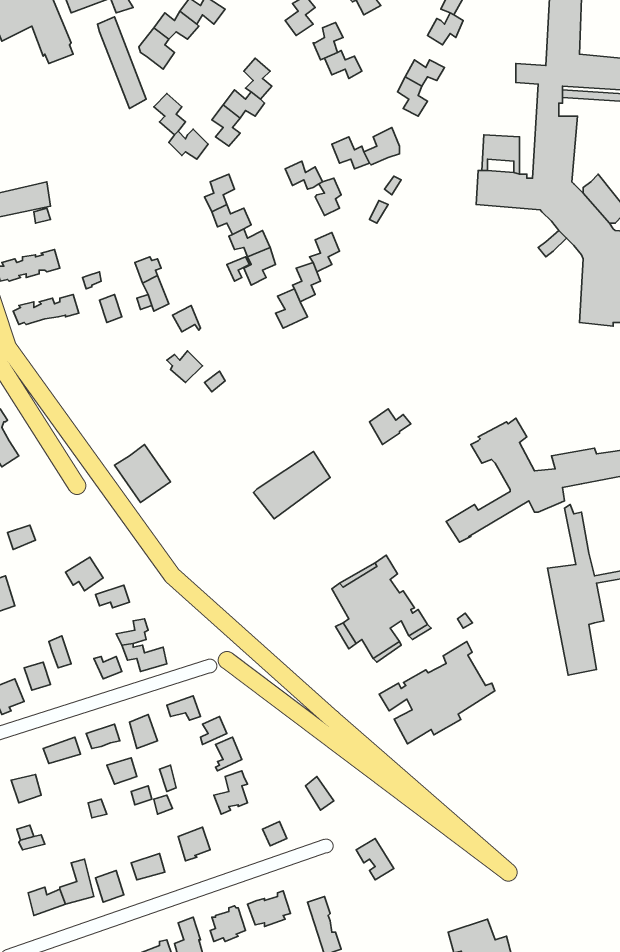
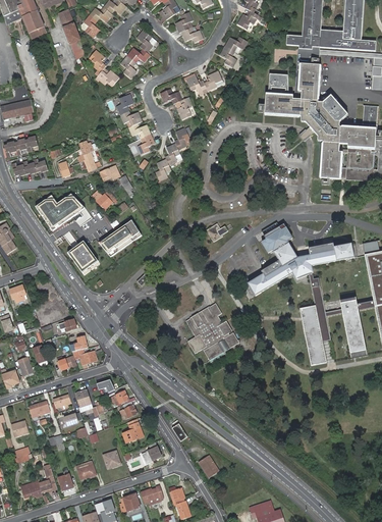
building: none -> [35,193,85,230]
building: [253,451,330,519] -> [99,220,141,257]
building: [379,641,495,744] -> none

